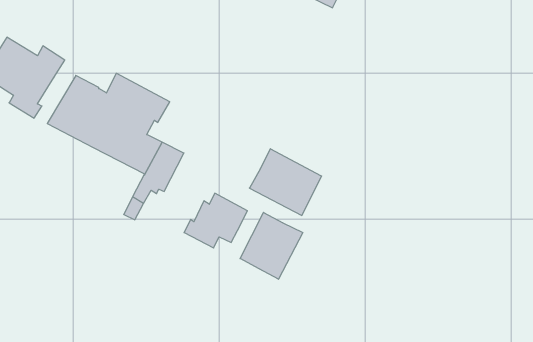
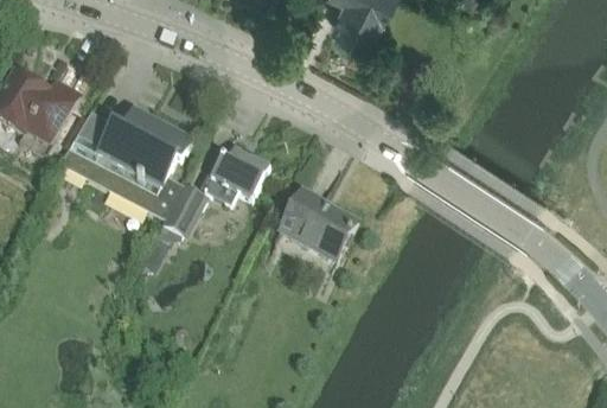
building: [184,193,247,248] -> [200,142,269,202]
building: [240,212,303,279] -> none

